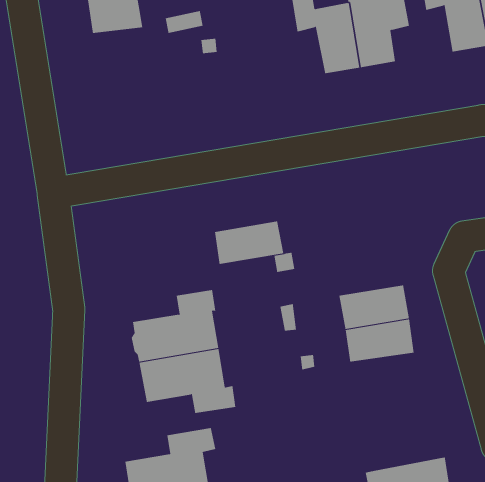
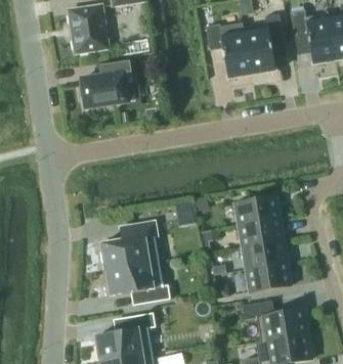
building: none -> [79,58,133,108]
building: [214,221,284,264] -> [234,196,281,225]
building: none -> [245,263,292,291]
building: none -> [242,301,308,340]

